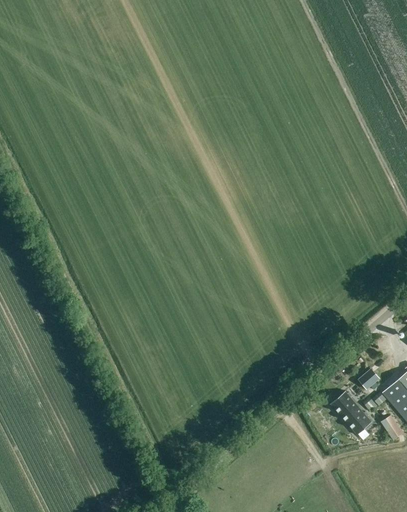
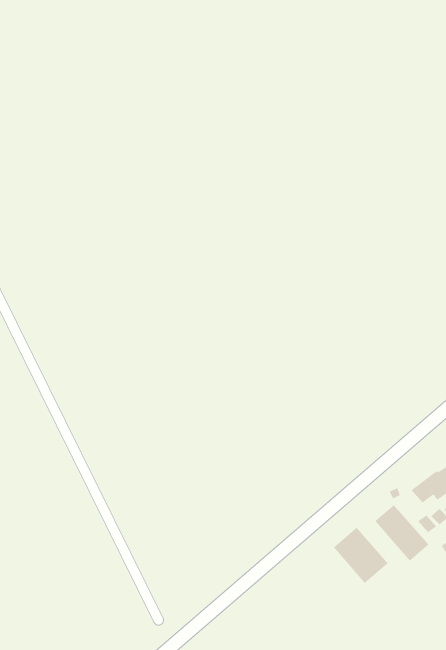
building: none -> [333,527,388,584]

